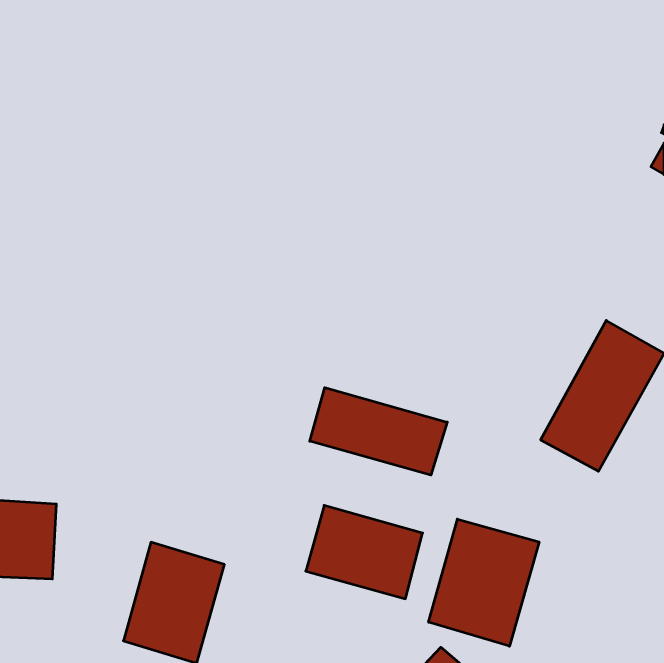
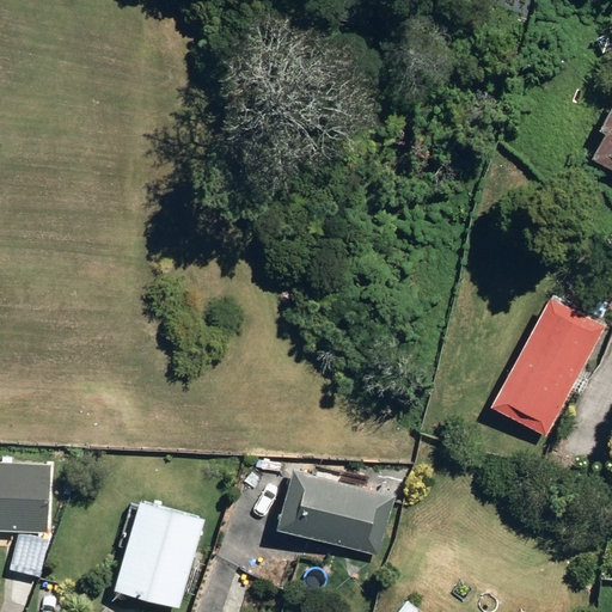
building: [310,388,447,475] -> none
building: [429,519,539,646] -> none

